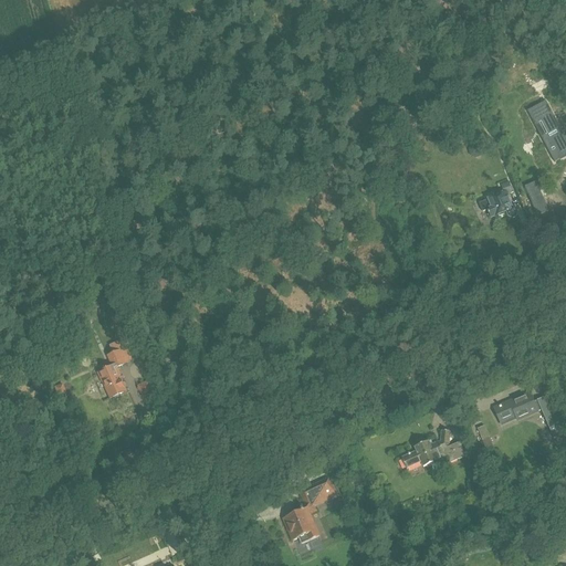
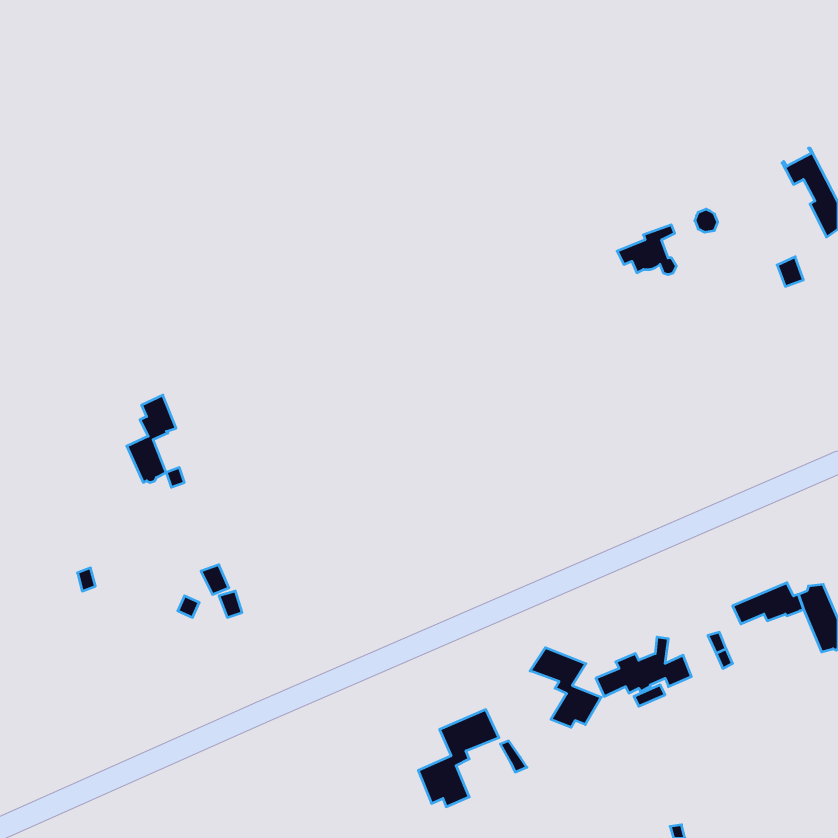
building: [476,184,516,217] -> [617,225,676,274]
building: [97,337,130,396] -> [127,395,176,482]
building: none -> [530,648,601,727]

